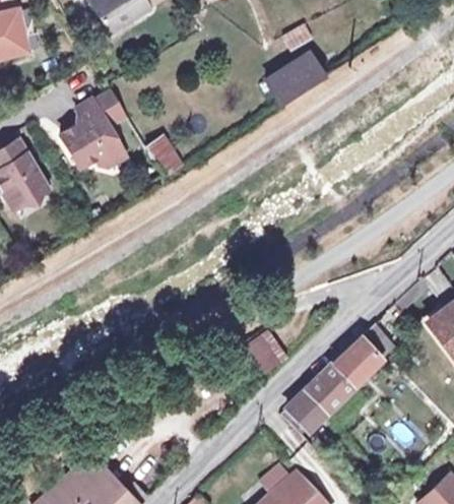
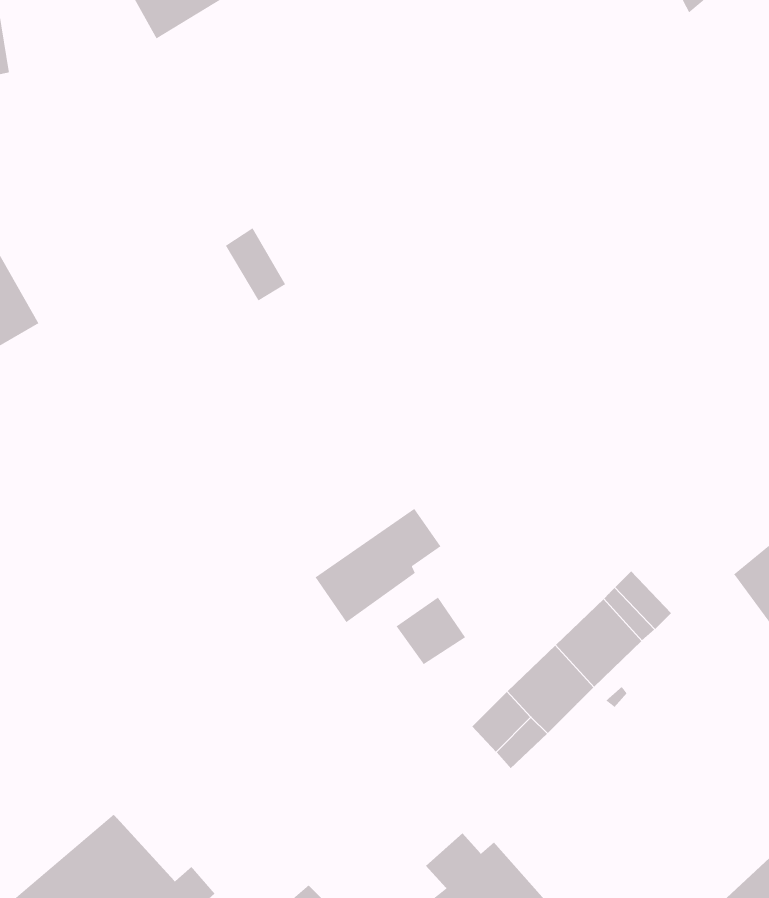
building: [267,52,334,104] -> none
building: [63,88,129,165] -> none
building: none -> [315,508,441,623]

